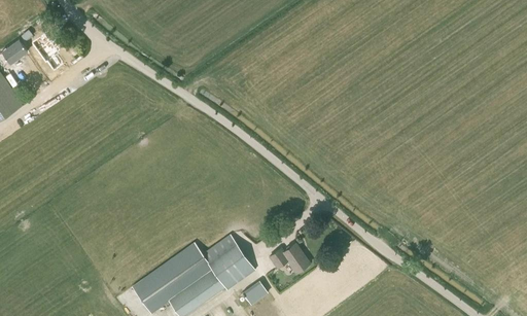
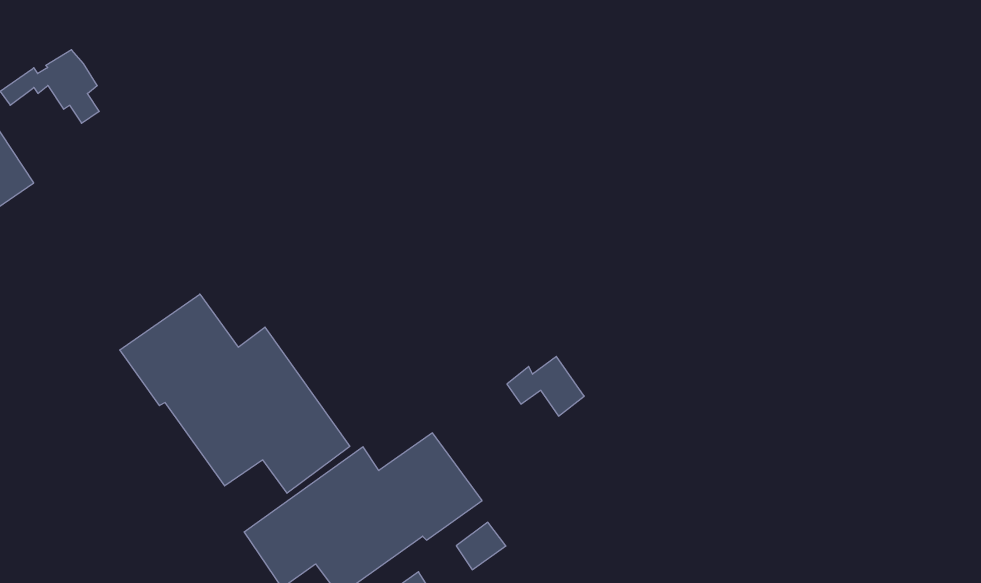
building: none -> [120,294,350,493]
building: [270,243,310,274] -> [507,356,584,416]

